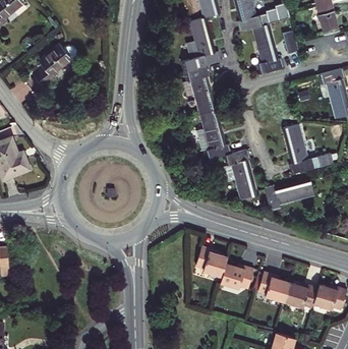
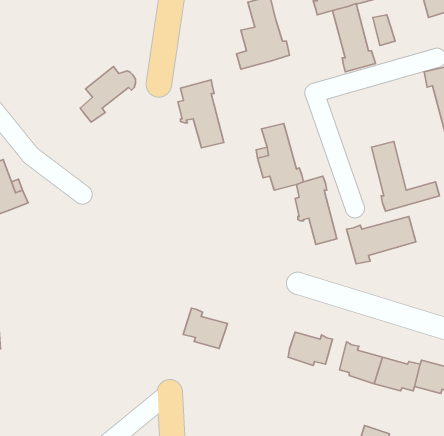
building: [35,46,75,86] -> [80,67,136,122]
building: [183,66,217,116] -> [178,80,224,148]
building: [194,247,227,277] -> [183,308,228,348]

